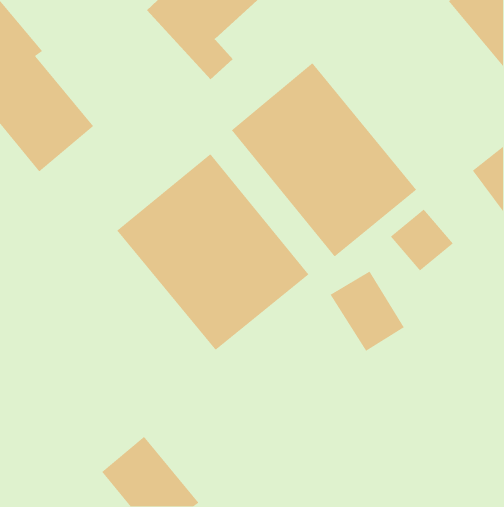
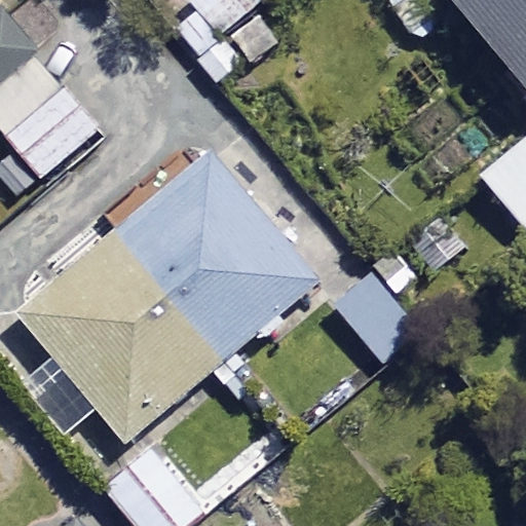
building: [231,62,417,258] -> none
building: none -> [23,236,221,439]

